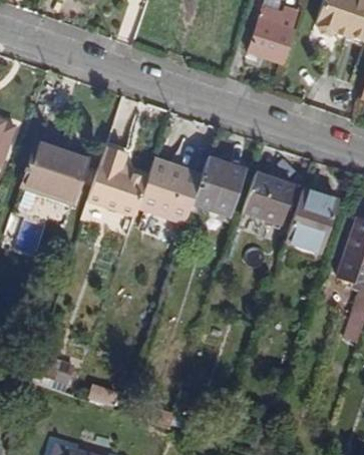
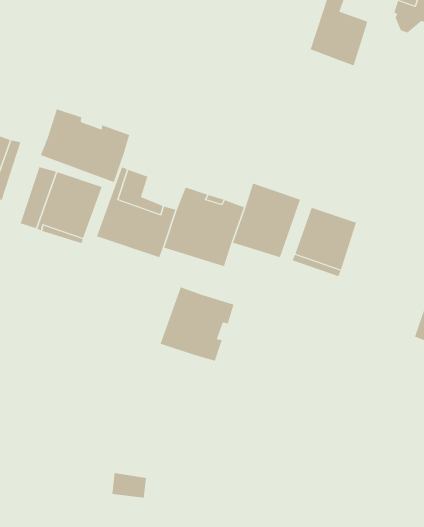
building: none -> [40,109,130,183]
building: [286,187,337,250] -> none
building: none -> [160,287,234,361]

